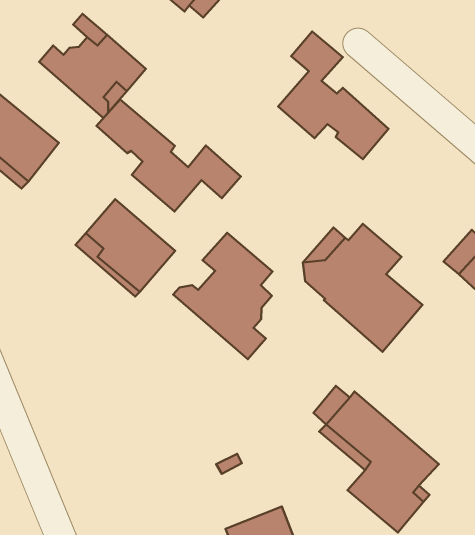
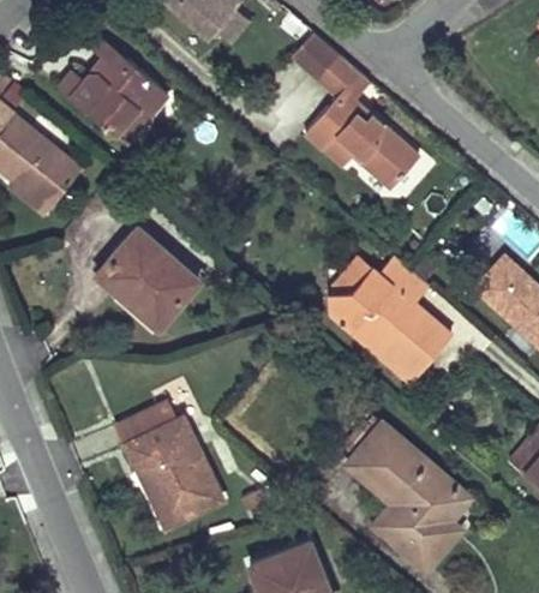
building: none -> [291,31,340,80]
building: [97,100,241,212] -> none
building: [173,233,272,359] -> none
building: none -> [119,403,222,525]

